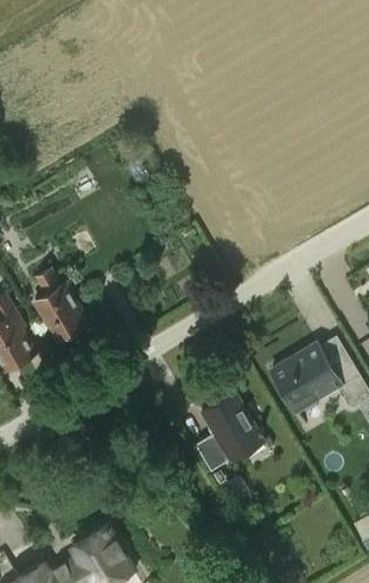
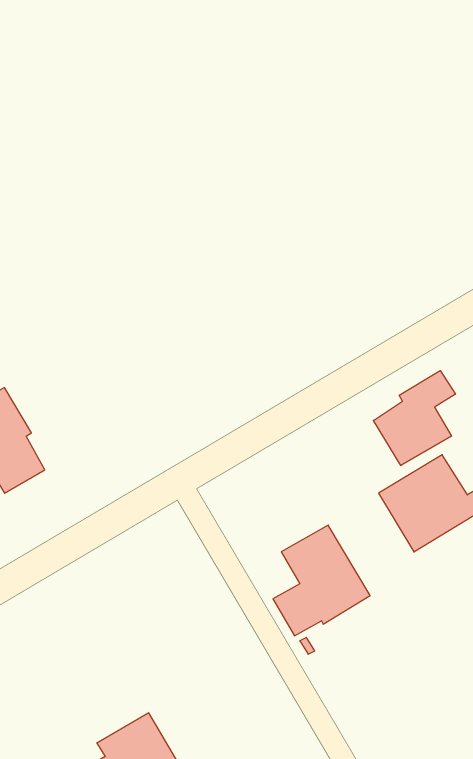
building: [33,270,88,341] -> none
building: none -> [373,371,455,466]

